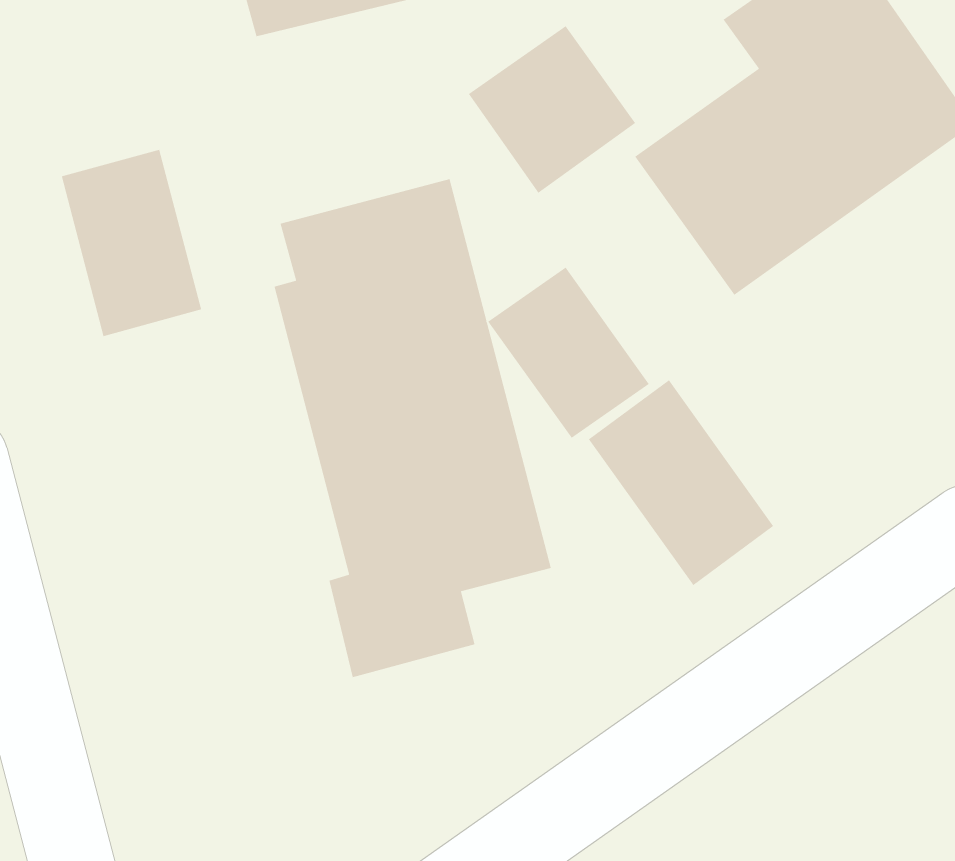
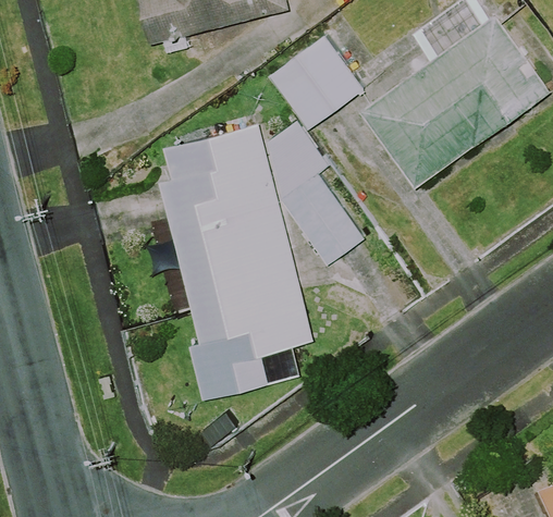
building: [61,149,202,337] -> none
building: [588,379,774,586] -> none

